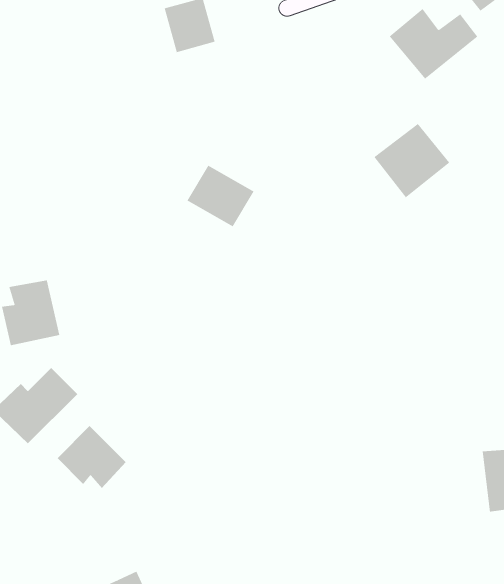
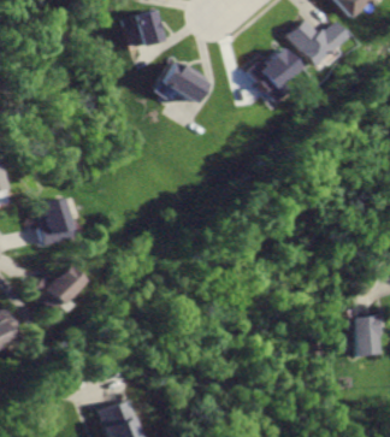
building: [373,123,450,198] -> [250,45,302,95]
building: [187,165,254,227] -> [167,63,213,105]
building: [57,425,127,489] -> none

